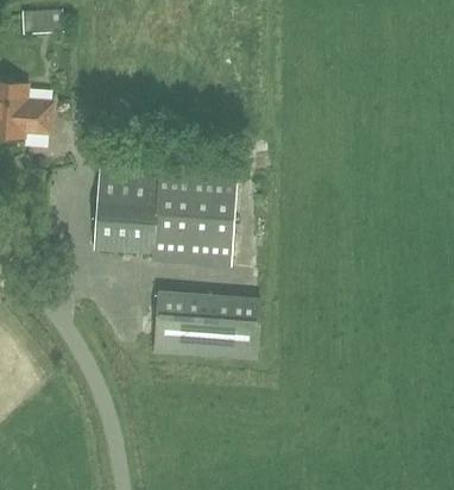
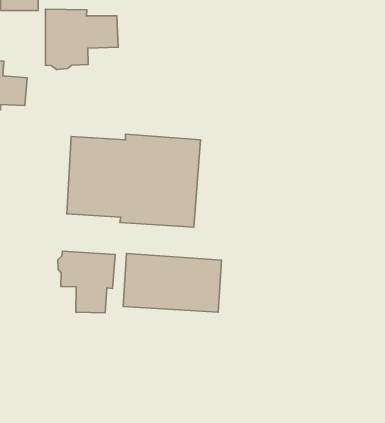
building: none -> [46,9,118,69]
building: none -> [58,251,115,313]

